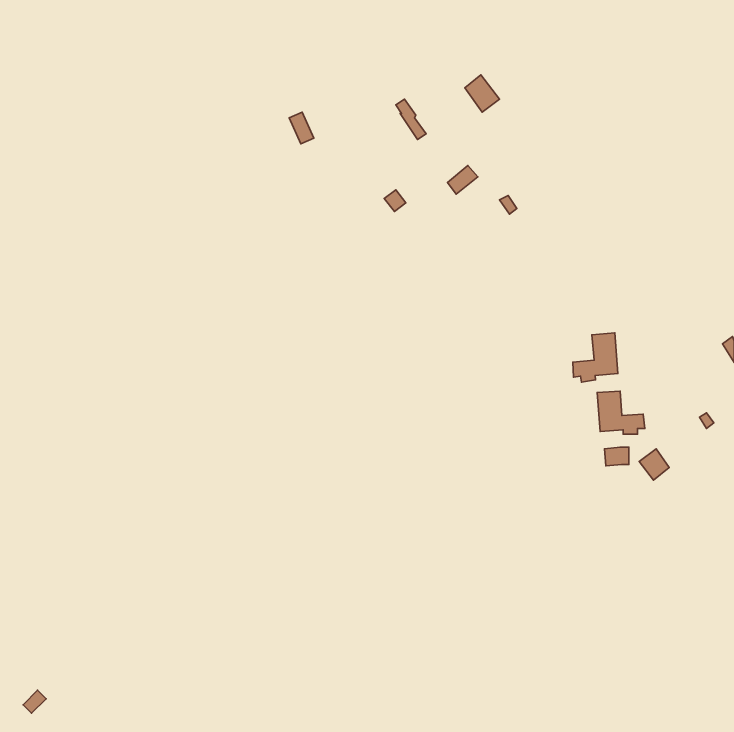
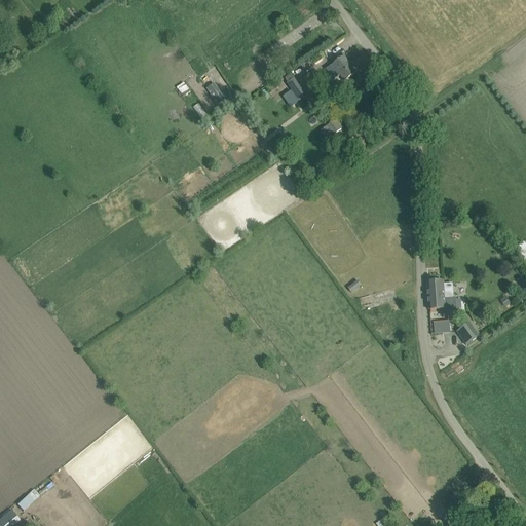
building: [573,333,618,382] -> none

